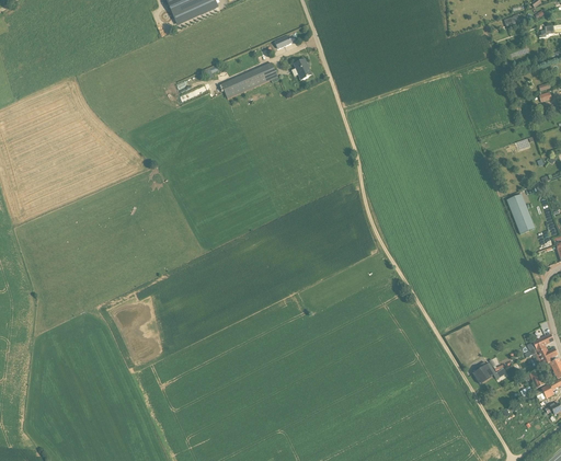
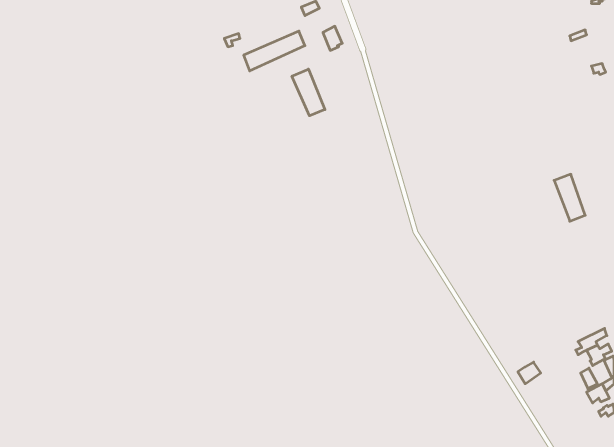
building: none -> [292,69,325,116]

